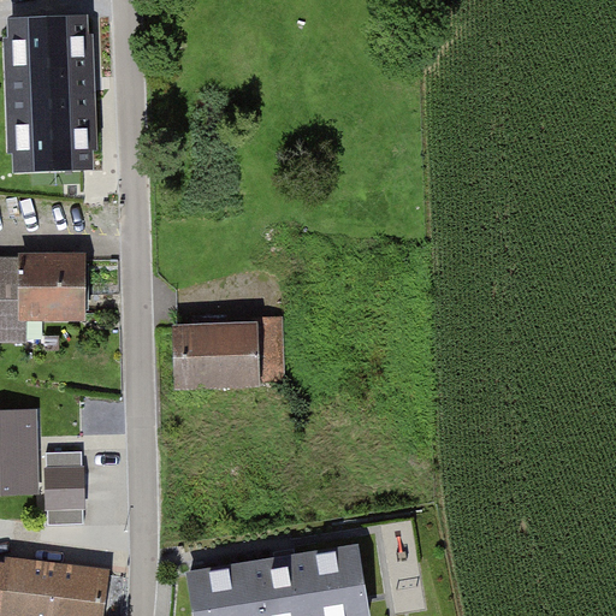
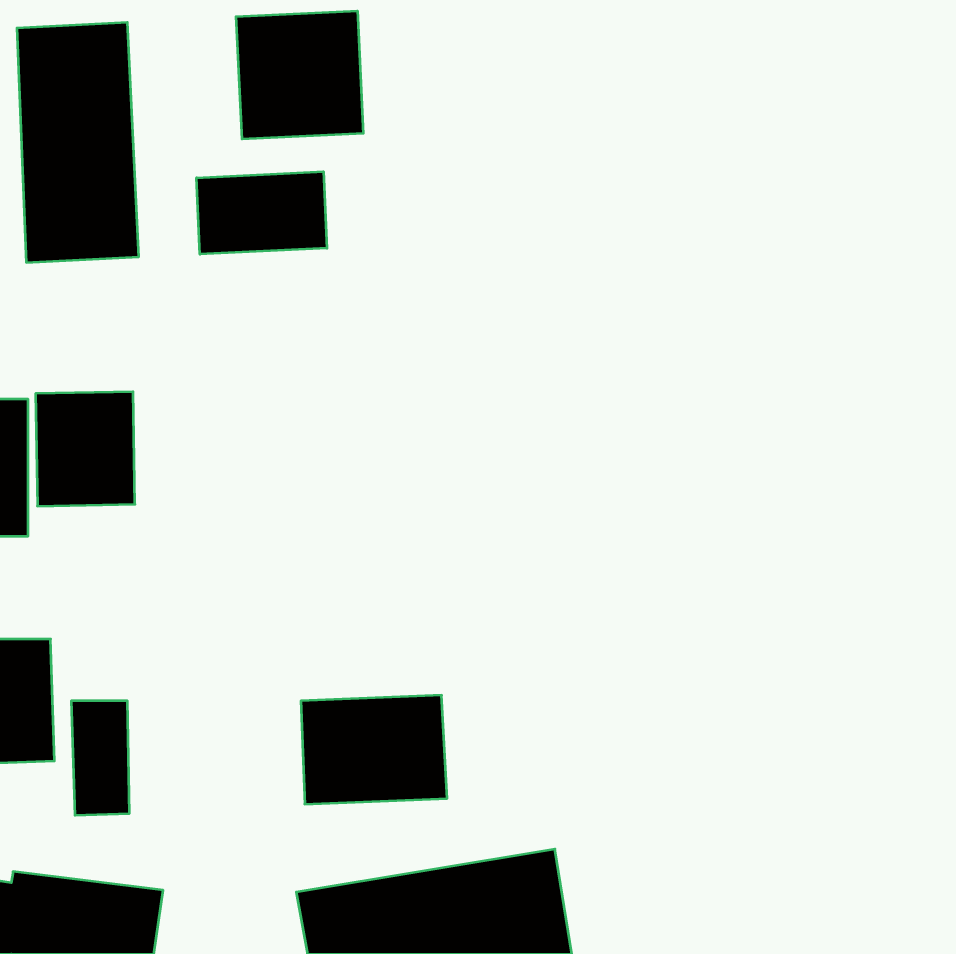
building: none -> [236,11,363,139]
building: none -> [197,172,327,254]
building: [176,326,270,396] -> [301,695,447,804]

